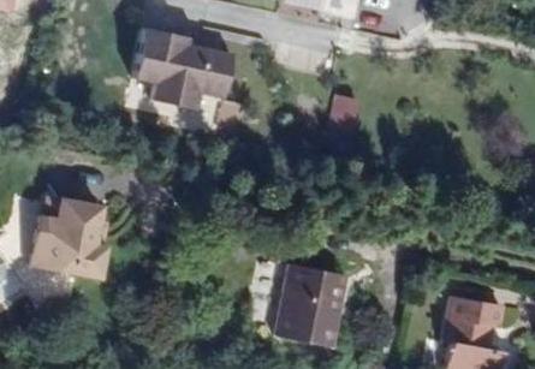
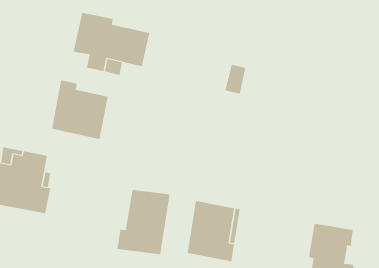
building: none -> [51,79,108,140]
building: none -> [117,189,170,255]

